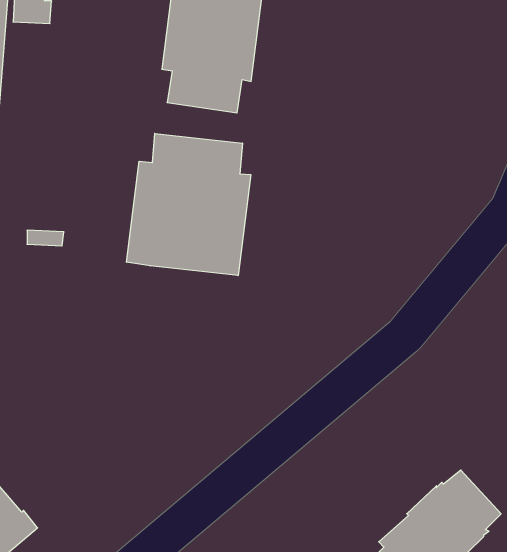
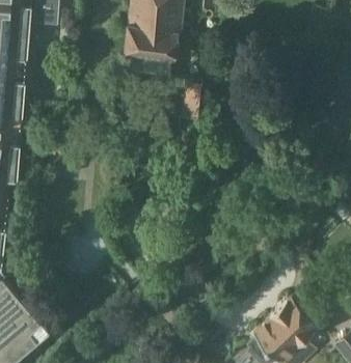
building: [127,133,251,276] -> none

